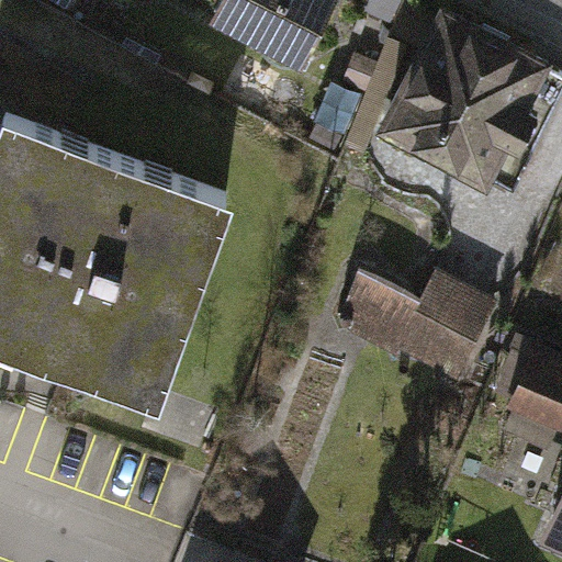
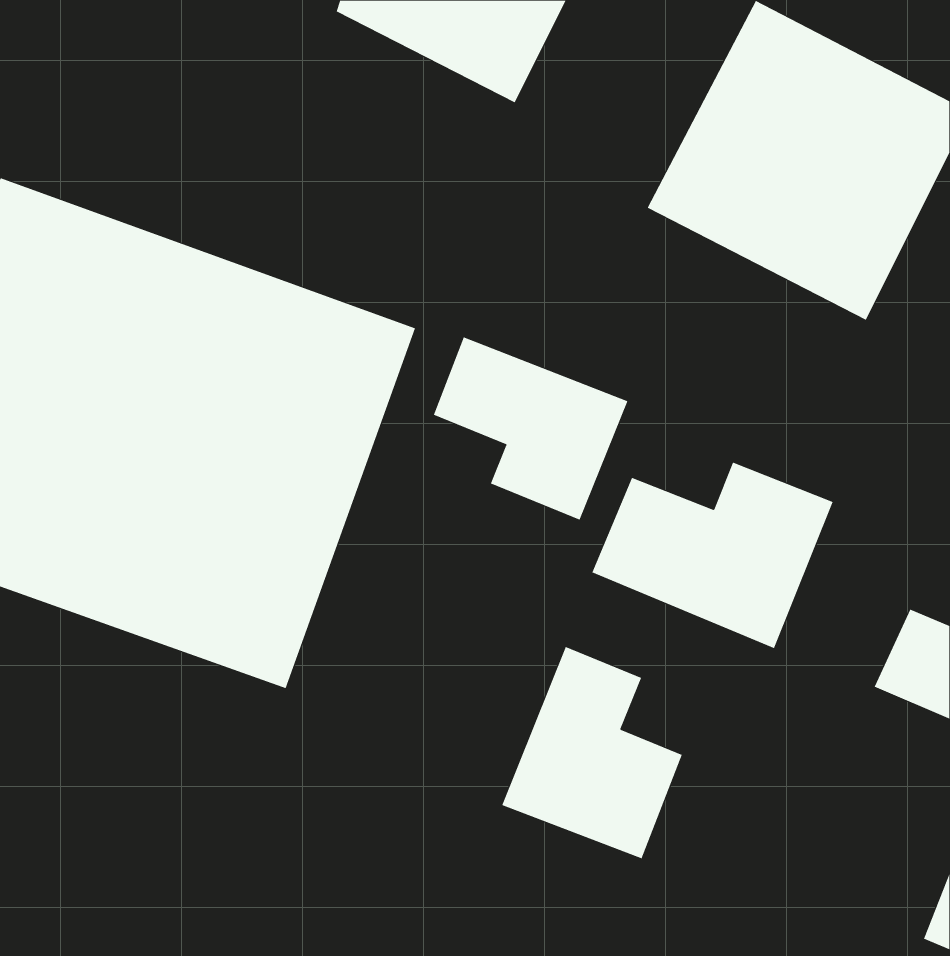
building: none -> [433,336,628,520]
building: none -> [501,646,683,859]

